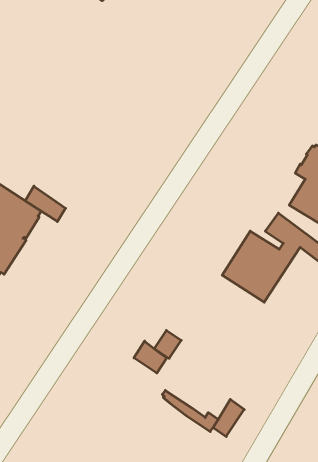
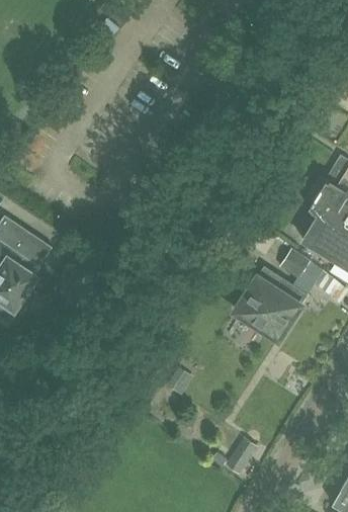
building: [25,186,66,222] -> none
building: [134,341,167,373] -> none

